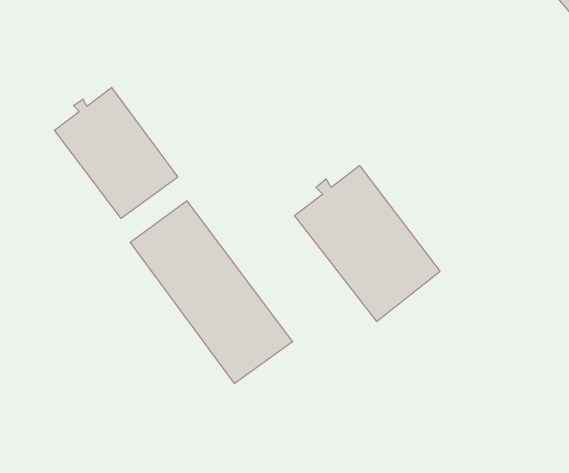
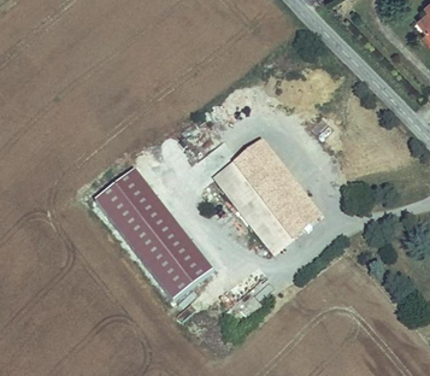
building: [54,87,178,218] -> none

